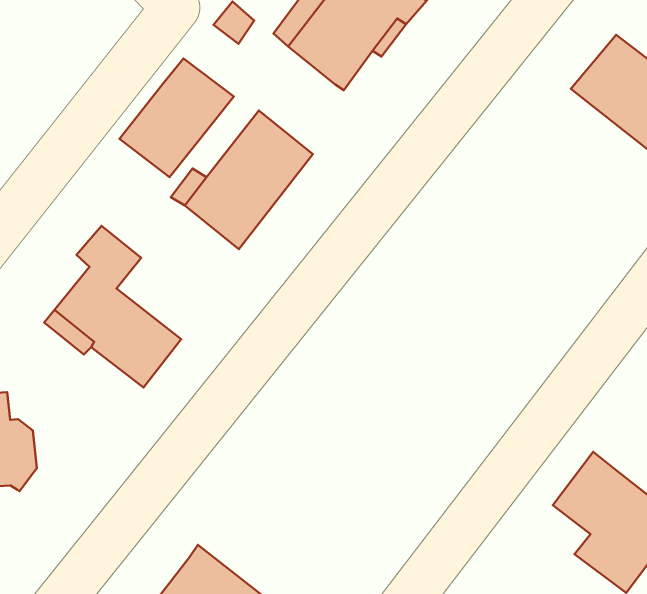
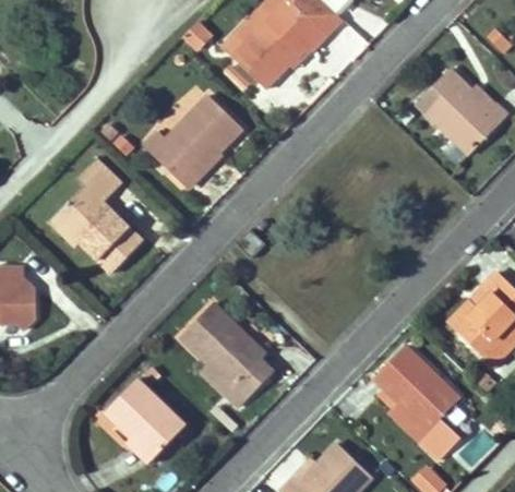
building: [120,58,234,177] -> none
building: none -> [181,303,273,405]

